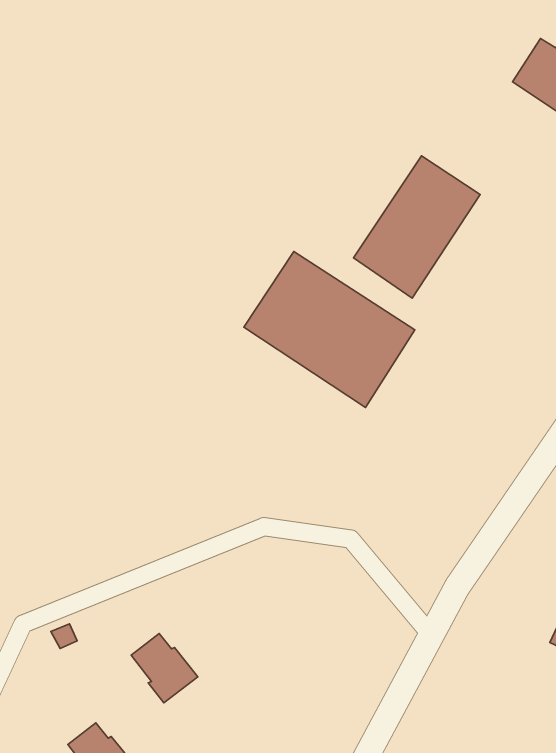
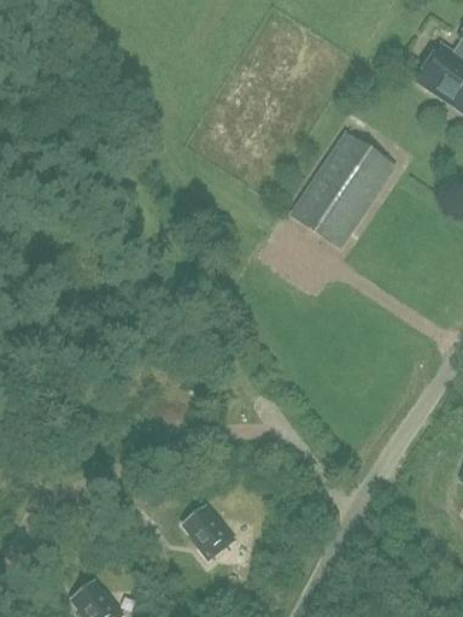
building: [244,251,415,408] -> none
building: [131,633,198,703] -> [182,505,234,559]

